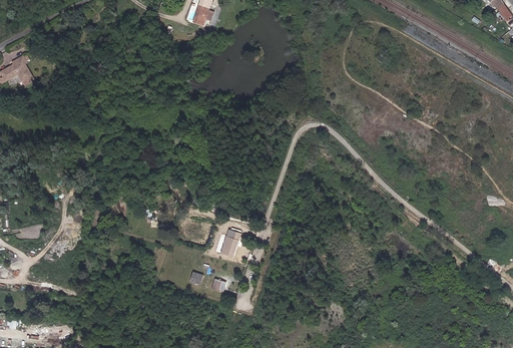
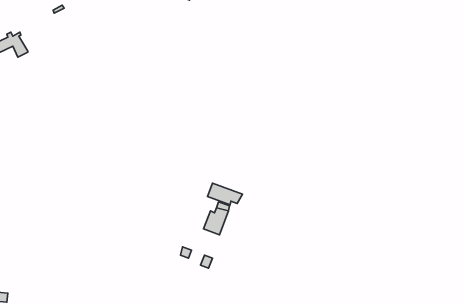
building: none -> [207,183,243,205]

